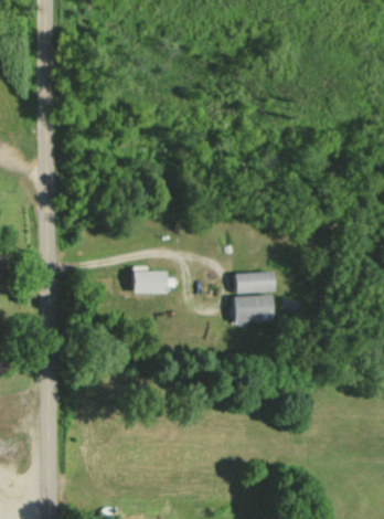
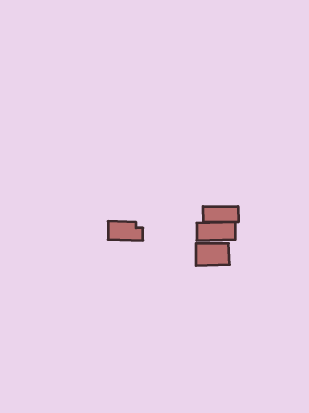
building: none -> [203,206,238,222]

